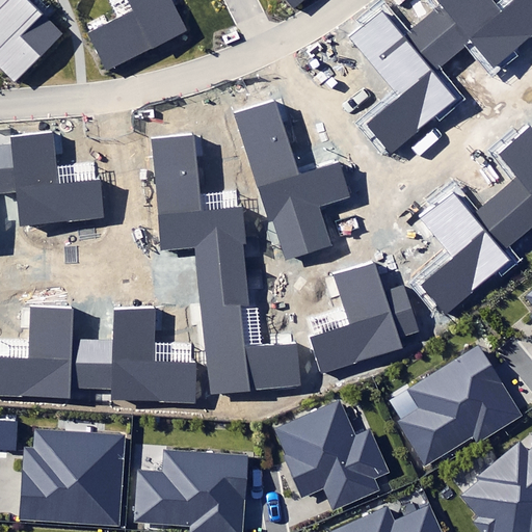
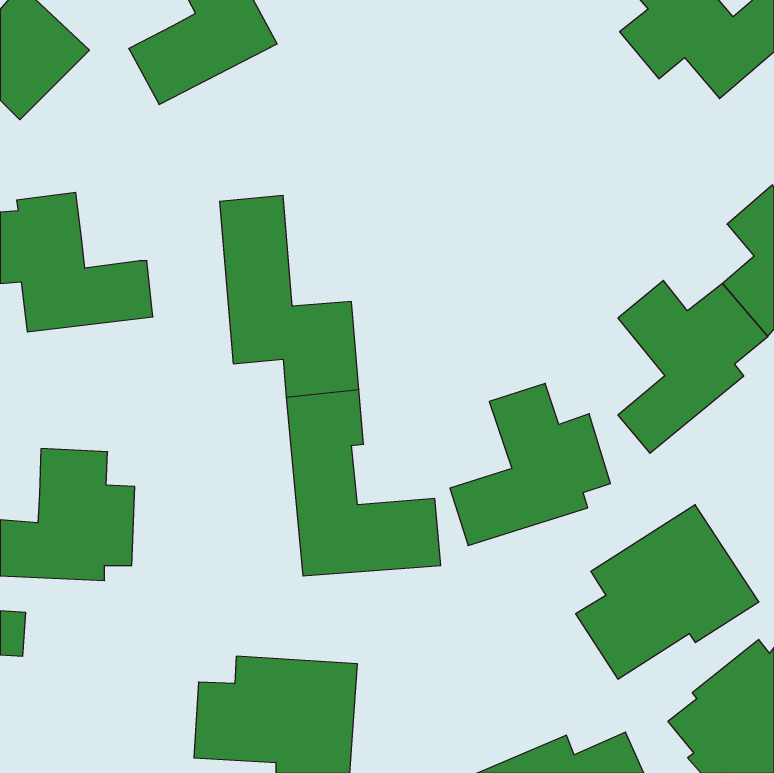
building: [350,9,456,152] -> none
building: [236,103,350,263] -> none
building: [90,303,195,401] -> none
building: [274,398,391,509] -> none
building: [21,429,125,525] -> none

